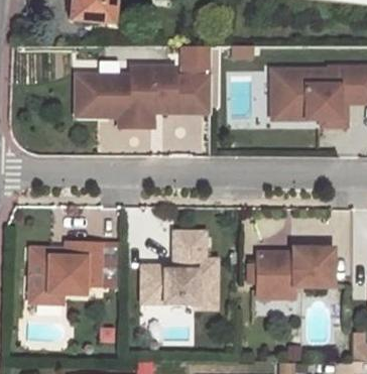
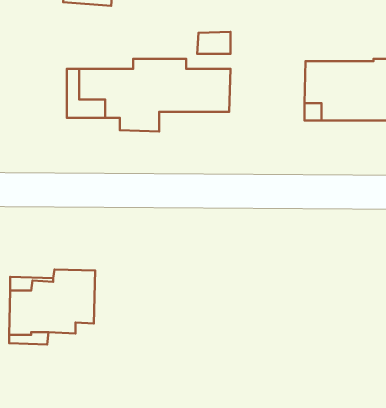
building: [141,230,217,306] -> none
building: [257,247,333,296] -> none

